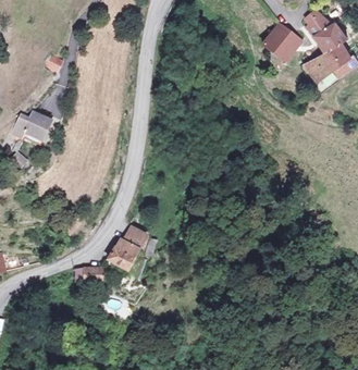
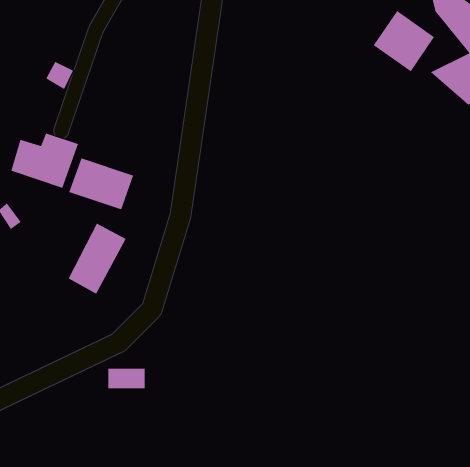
building: none -> [69,158,134,210]
building: [109,222,149,271] -> [68,223,127,294]

